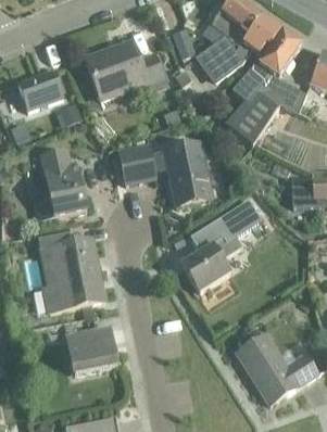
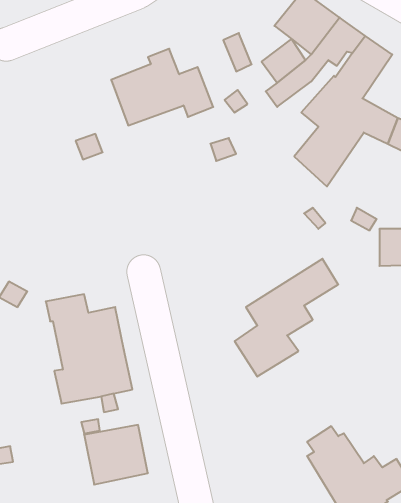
building: [17,69,63,111] -> none
building: [118,141,212,205] -> none
building: [38,150,85,217] -> none

